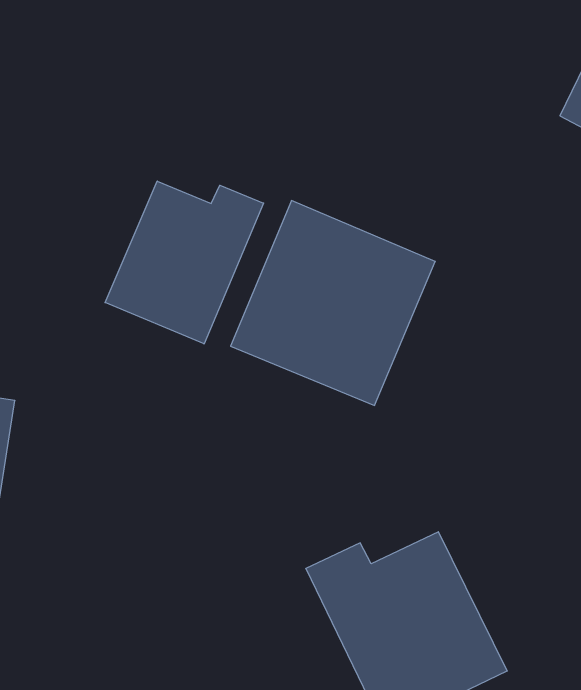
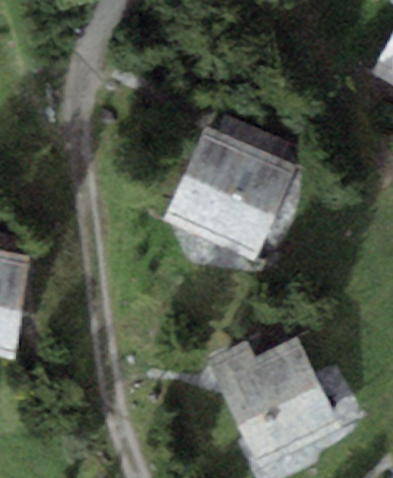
building: [105,181,264,344] -> none

